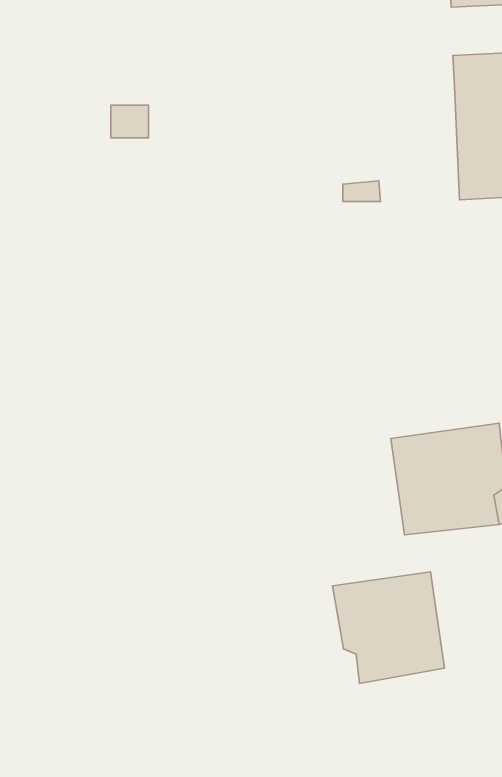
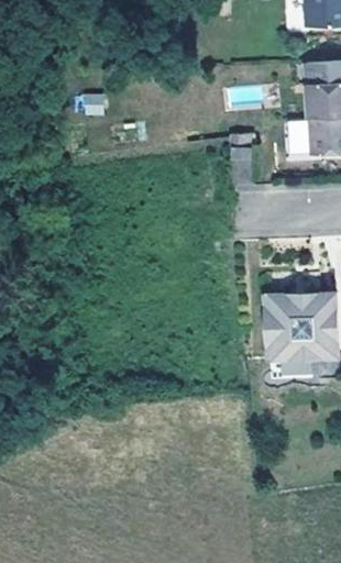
building: [333,572,444,684] -> none

